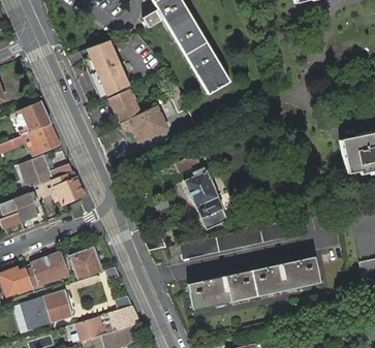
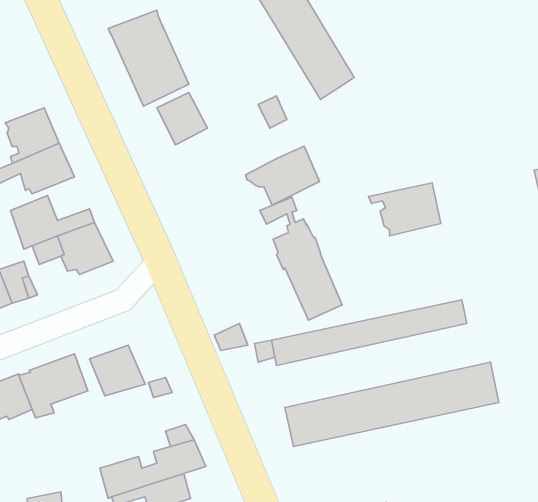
building: [122,106,167,143] -> [245,146,319,205]
building: none -> [369,183,441,236]
building: [24,290,74,326] -> none

